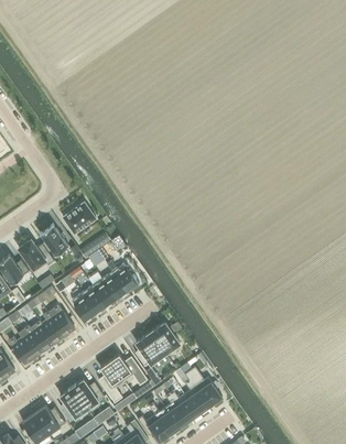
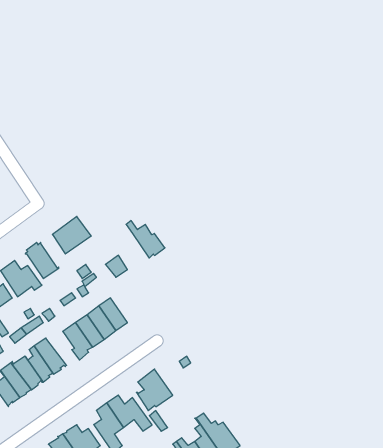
building: [107,261,140,293] -> [126,221,165,258]
building: [150,323,180,355] -> none

